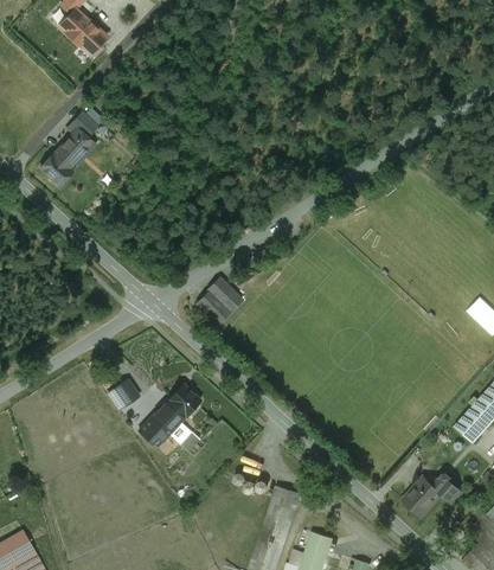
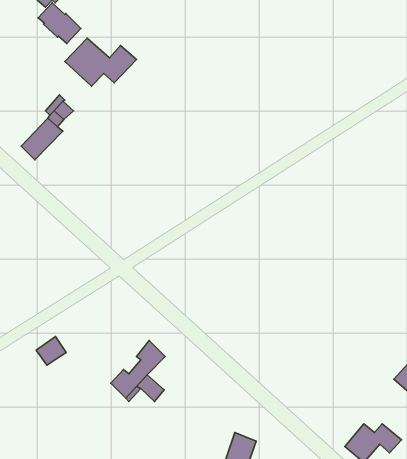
building: none -> [65,38,137,86]
building: [195,274,245,325] -> none
building: [107,378,140,410] -> [36,336,66,365]

